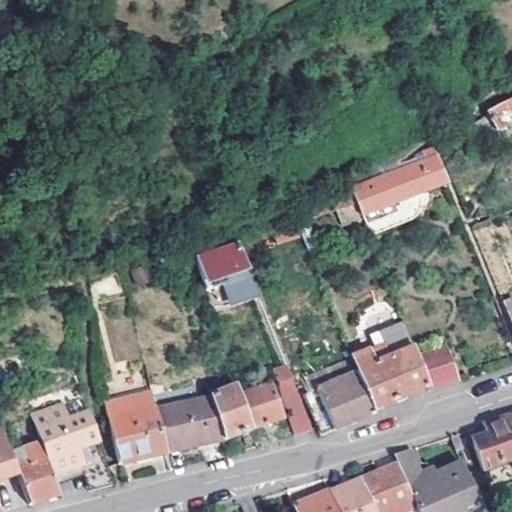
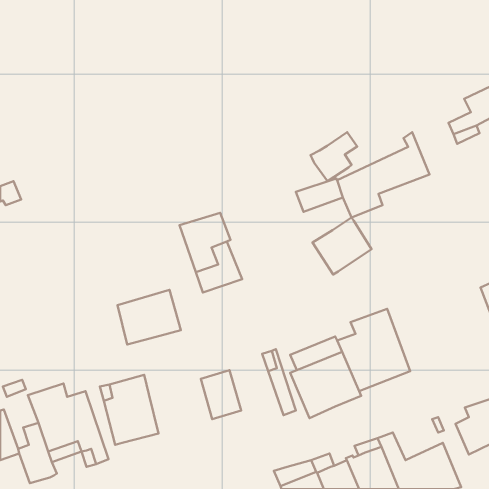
building: none -> [311,132,357,181]
building: none -> [313,218,372,275]
building: [418,346,461,391] -> none
building: [241,377,284,428] -> none
building: [157,395,223,452] -> [117,290,181,345]

